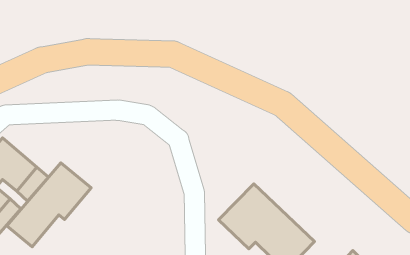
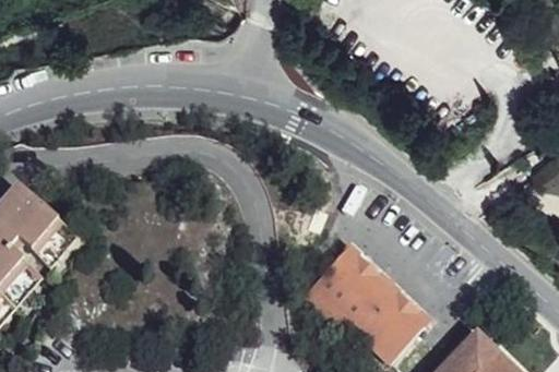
building: [7,163,91,247] -> none

